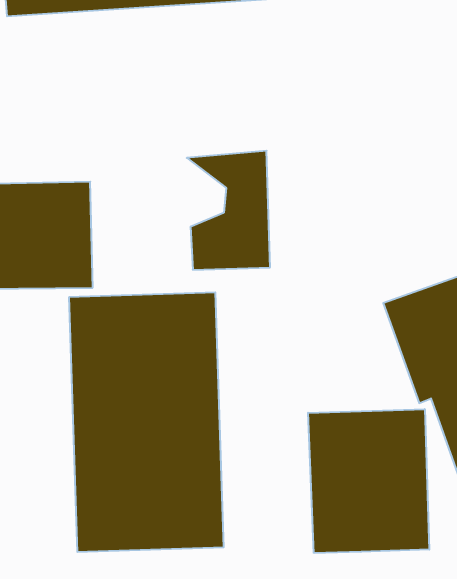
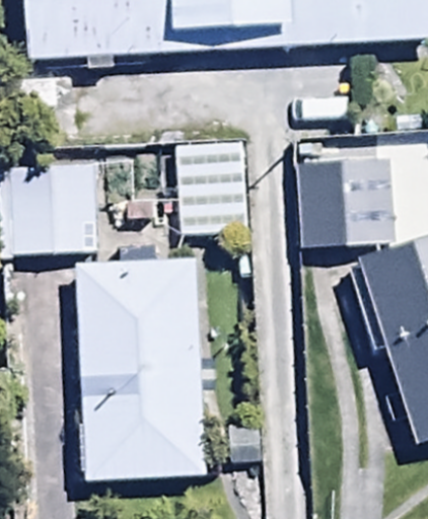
building: none -> [296,139,393,247]
building: [308,409,429,553] -> none

